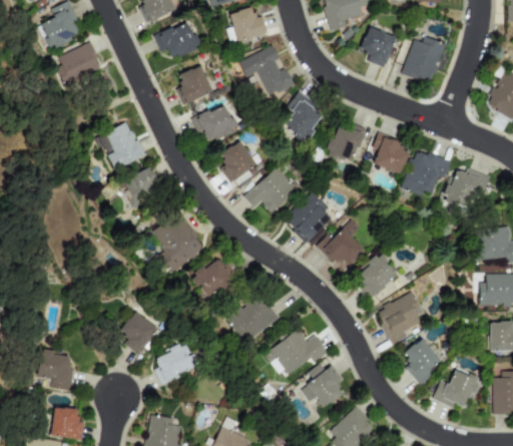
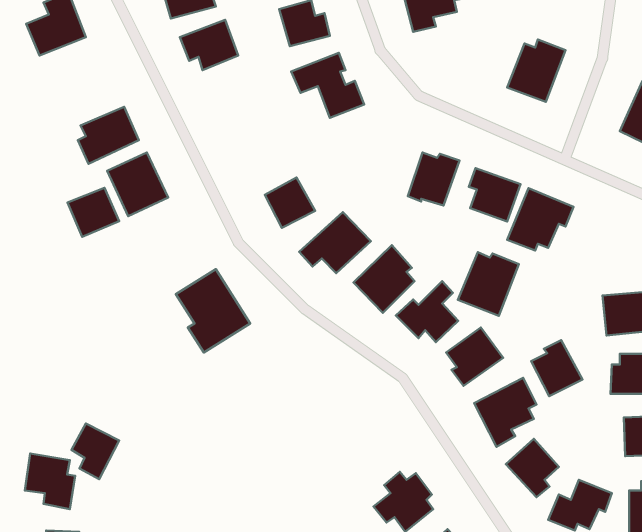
building: [361,27,396,66] -> none
building: [56,42,102,85] -> [78,107,139,164]
building: [176,64,213,102] -> none
building: [284,92,325,141] -> none
building: [193,103,237,141] -> none
building: [123,167,162,204] -> [67,188,119,237]
building: [442,168,488,216] -> [458,252,519,316]
building: [192,256,235,298] -> none
building: none -> [531,340,583,396]
building: [228,294,279,343] -> none
building: [121,312,157,354] -> [71,423,119,479]
building: [265,328,329,374] -> none
building: [155,342,195,385] -> none

